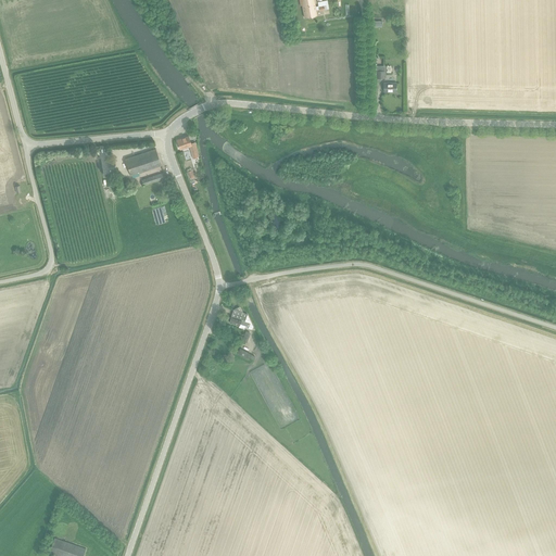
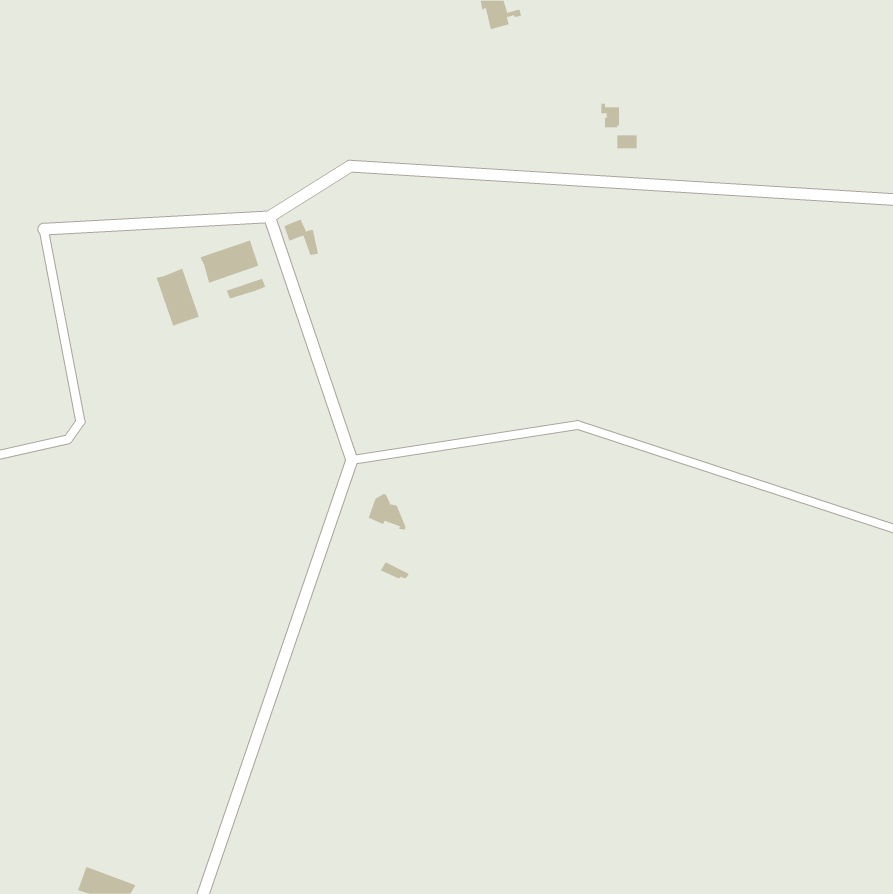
building: none -> [156,268,200,326]

